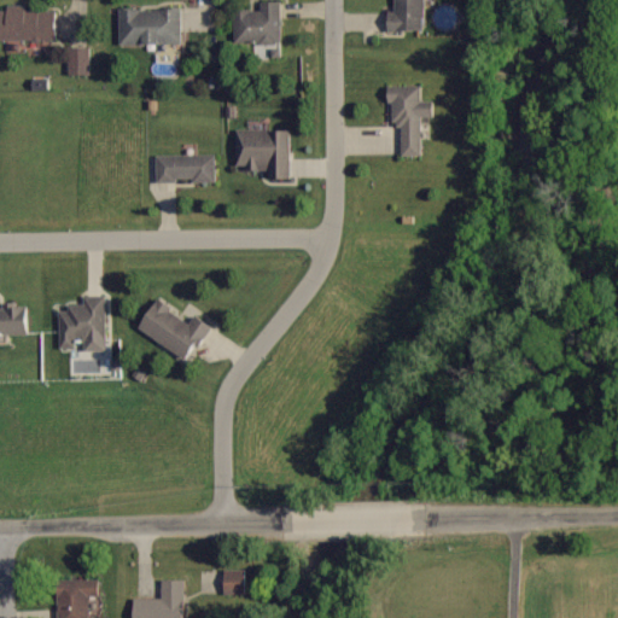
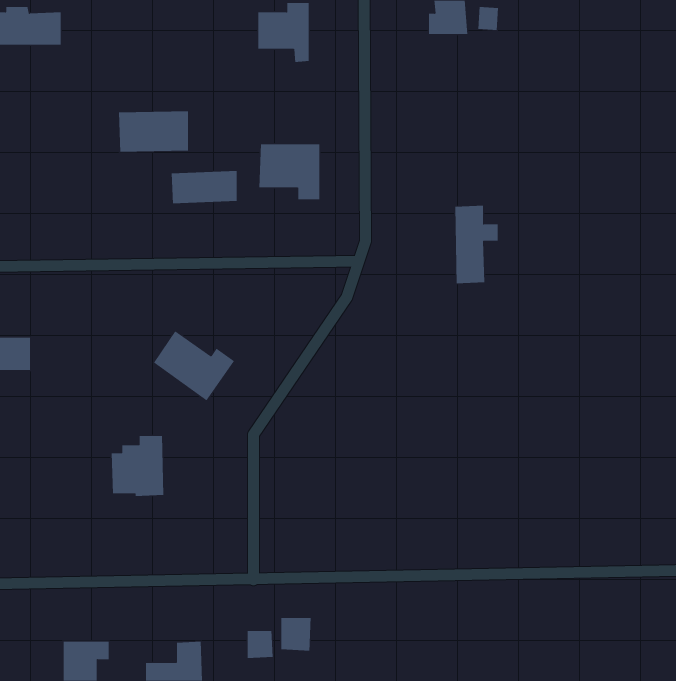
building: [116,8,180,46] -> [118,111,189,152]
building: [65,48,88,76] -> none
building: [393,86,433,157] -> [454,205,498,284]
building: [57,297,105,352] -> [111,435,164,497]
building: none -> [281,617,311,652]

